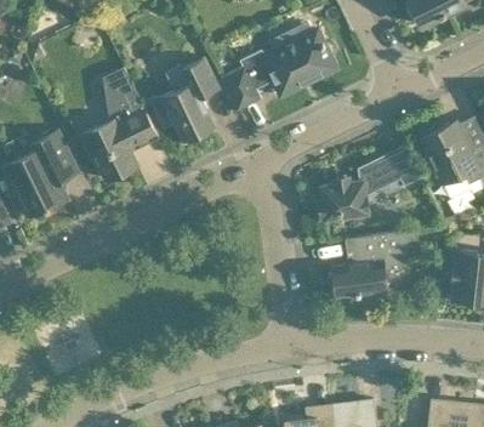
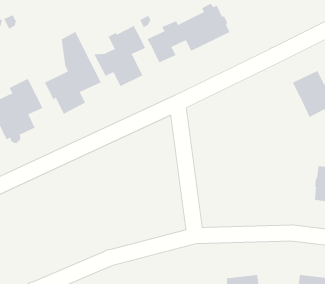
building: [319,144,423,221] -> none
building: [329,229,420,297] -> none

